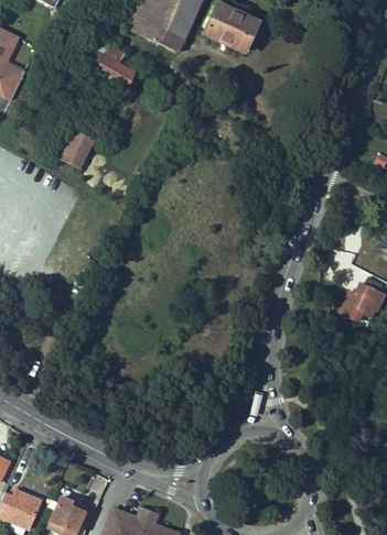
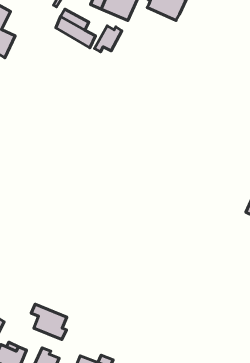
building: none -> [95,26,122,52]
building: [54,127,93,166] -> none
building: none -> [31,304,67,339]

